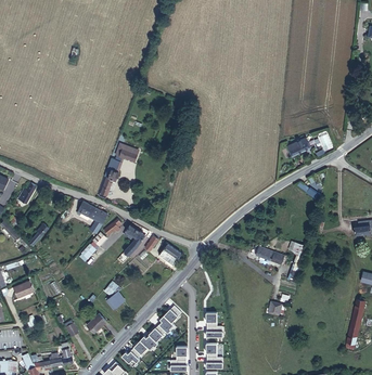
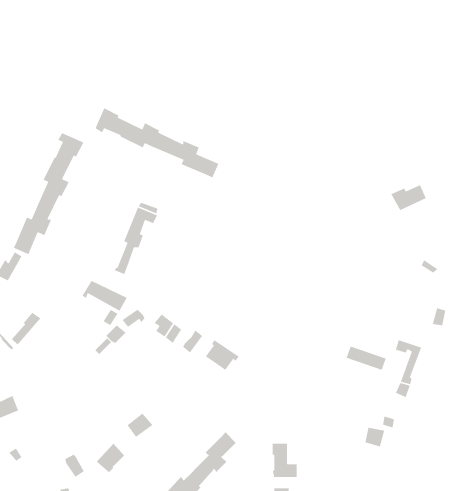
building: none -> [94,107,219,179]
building: none -> [13,132,84,255]

